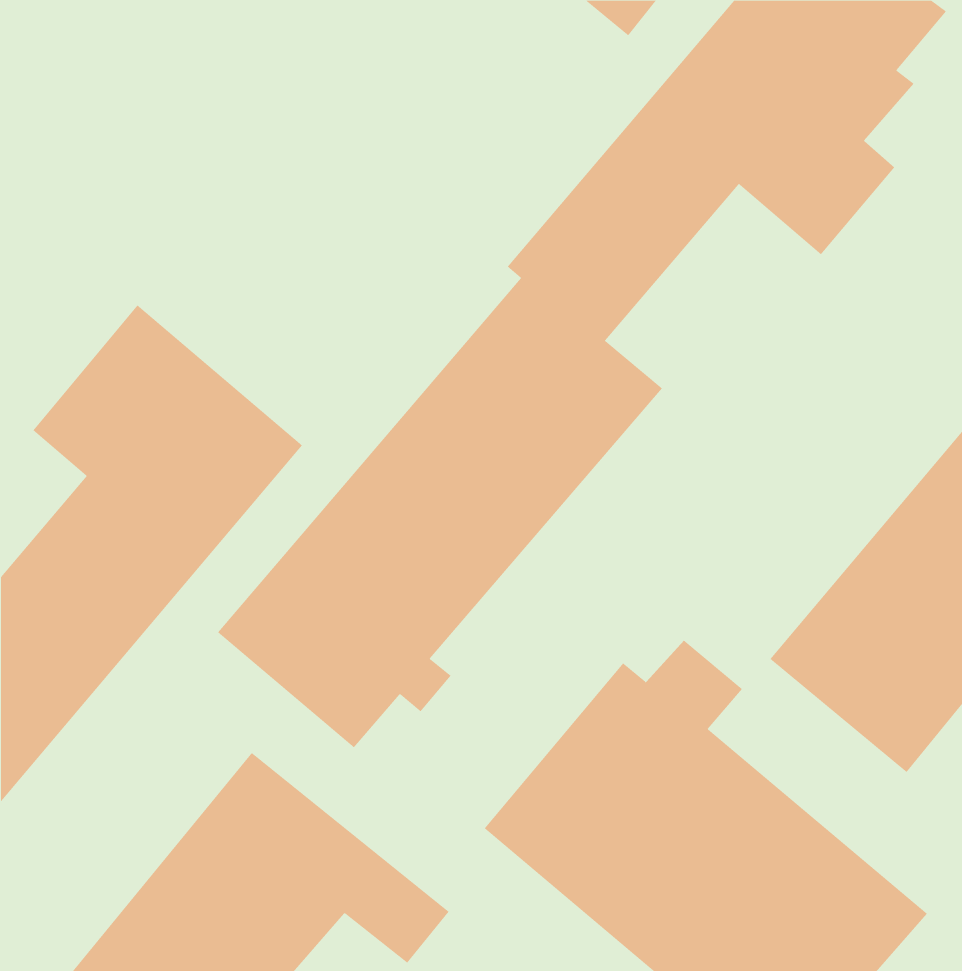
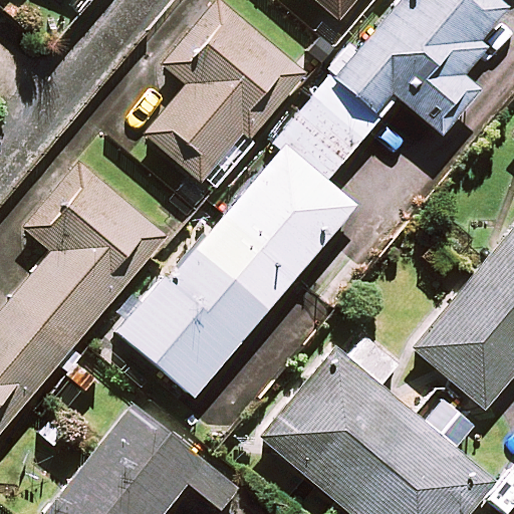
building: none -> [144,11,303,182]

